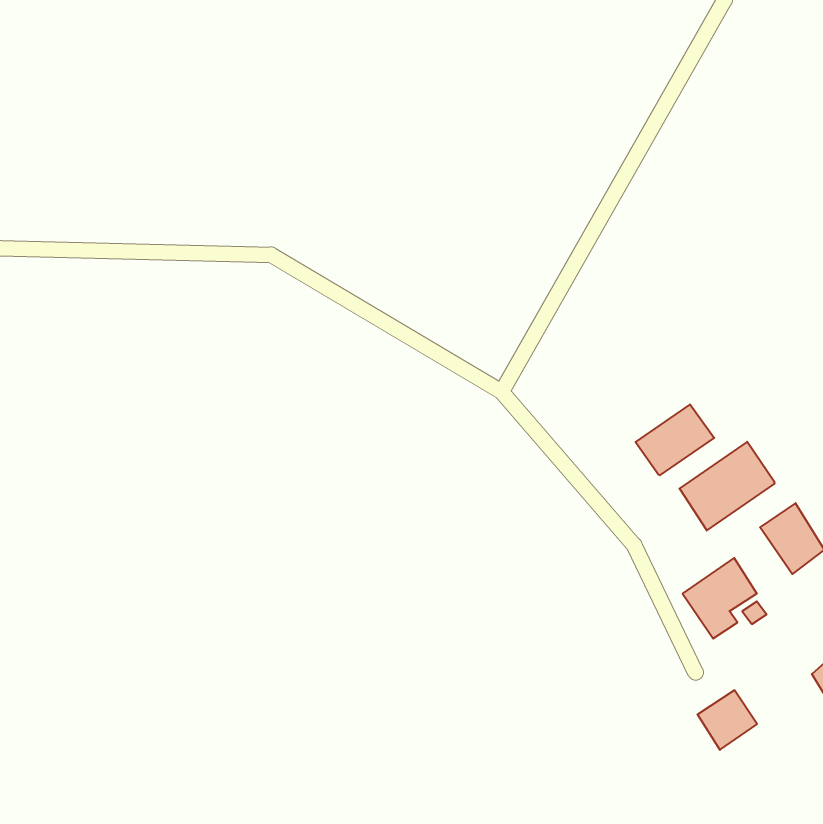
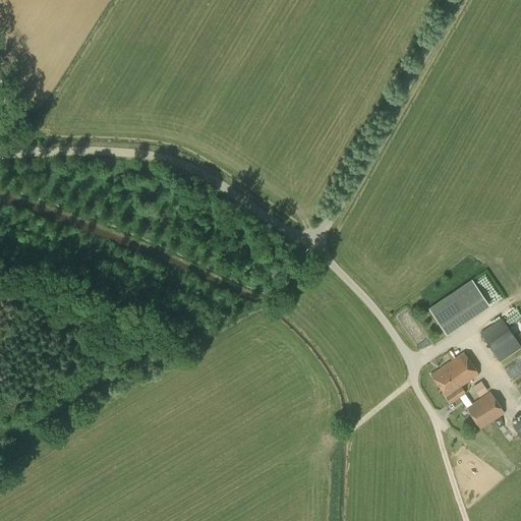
building: [636,404,714,475] -> none
building: [697,690,757,750] -> [467,392,505,429]

